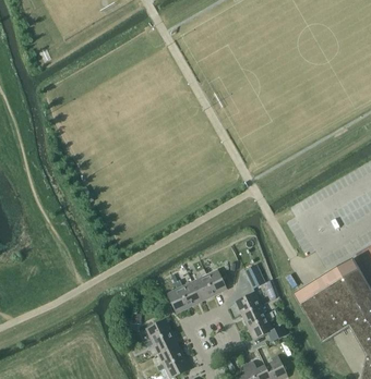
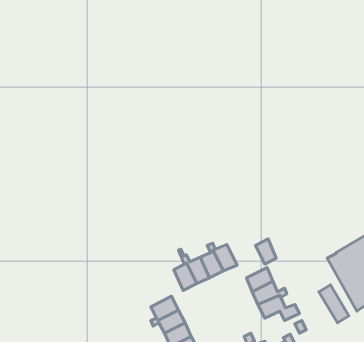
building: [295,282,342,337] -> none

